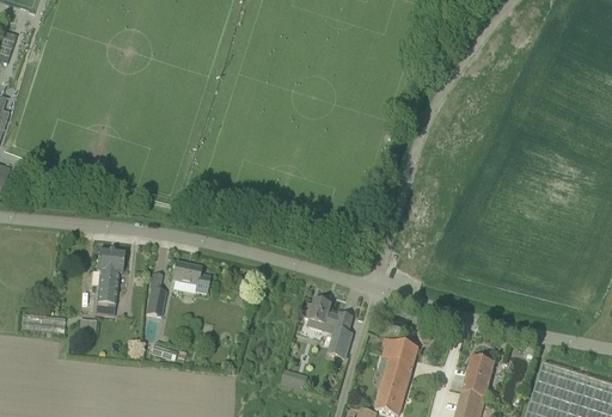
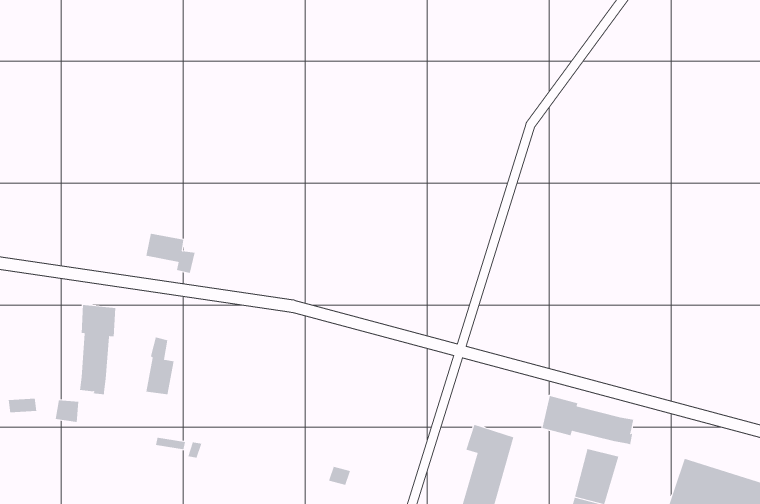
building: [172,262,209,292] -> [145,233,195,273]
building: [304,298,351,357] -> none
building: none -> [542,395,634,445]

